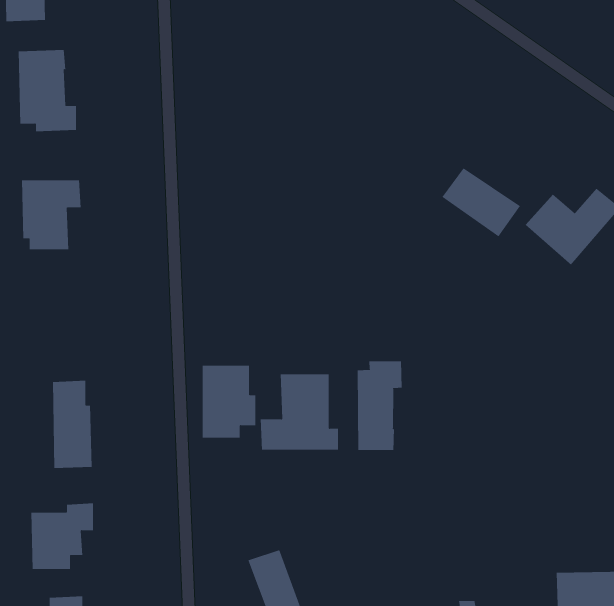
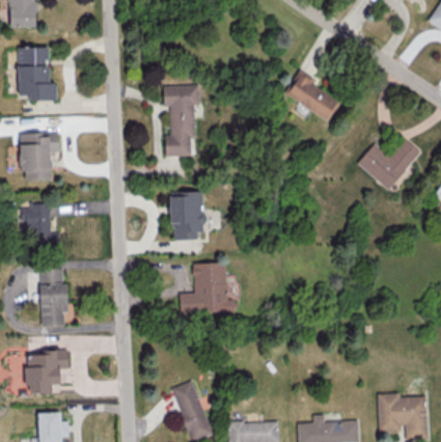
building: none -> [163,85,200,157]
building: [442,167,521,237] -> [286,75,339,121]
building: none -> [21,204,59,249]
building: [357,361,402,451] -> none
building: [202,365,256,438] -> [171,192,208,241]

